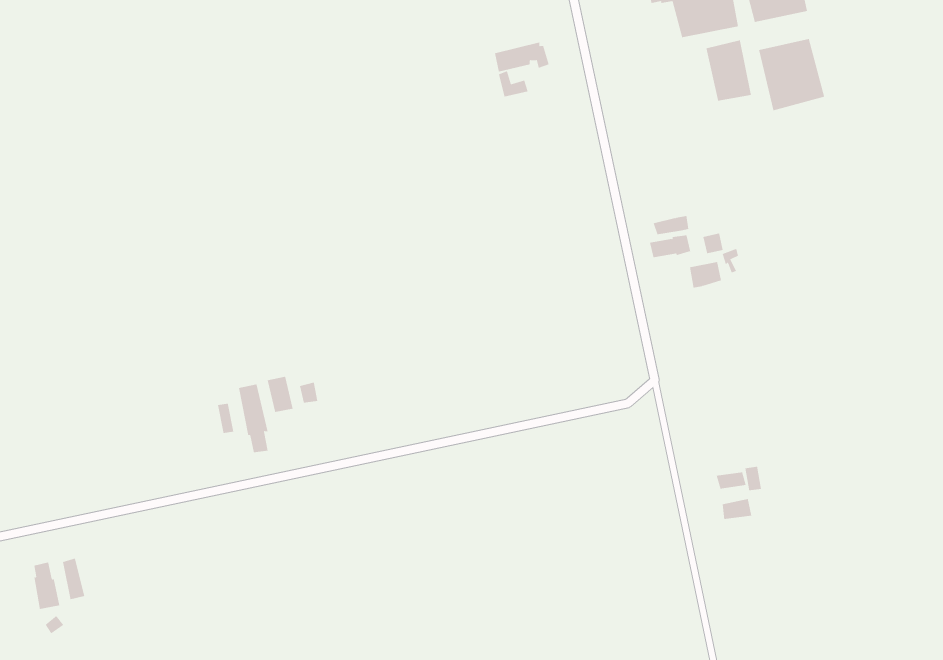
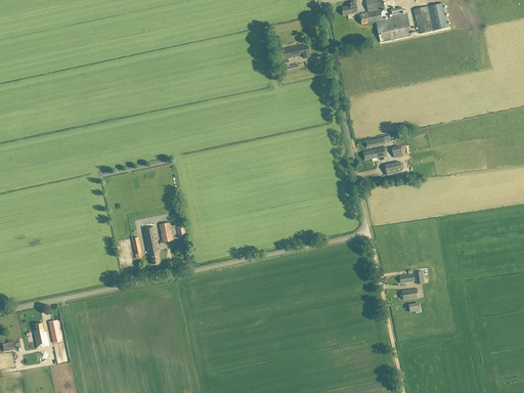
building: [758,38,825,111] -> none
building: [706,39,751,101] -> none

